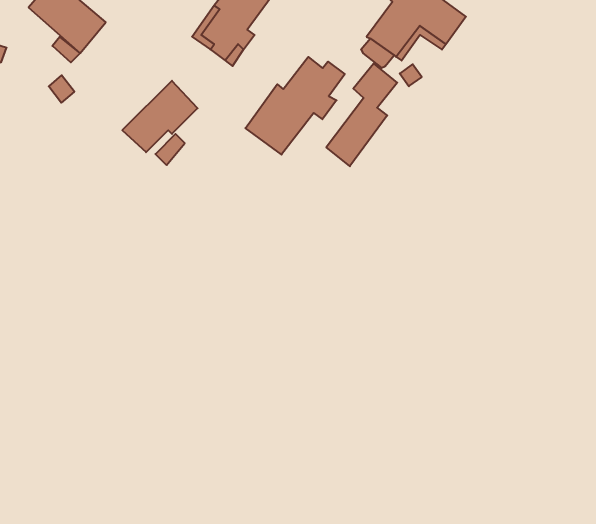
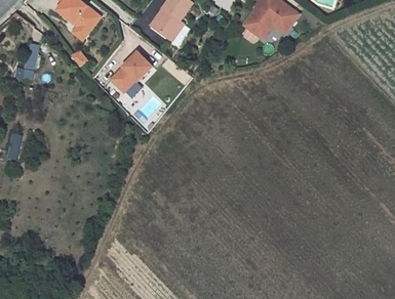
building: [245,57,345,155] -> none
building: [326,63,397,166] -> none

